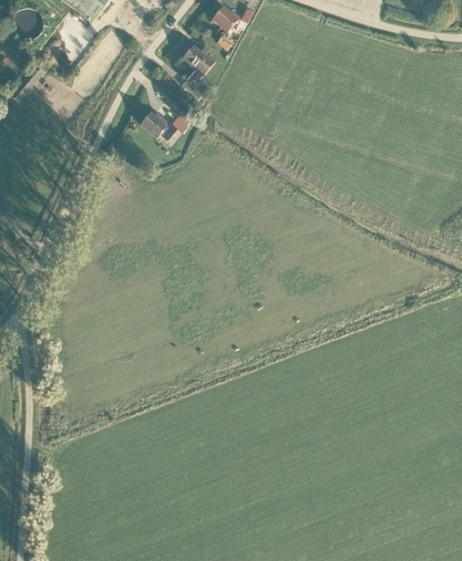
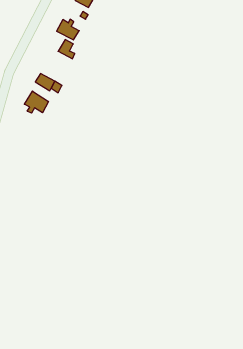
building: none -> [24,91,48,113]

